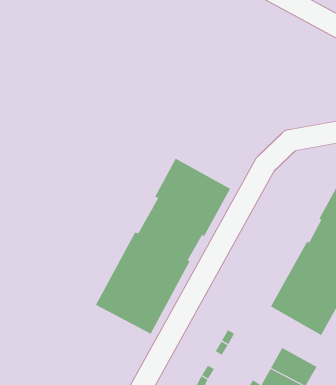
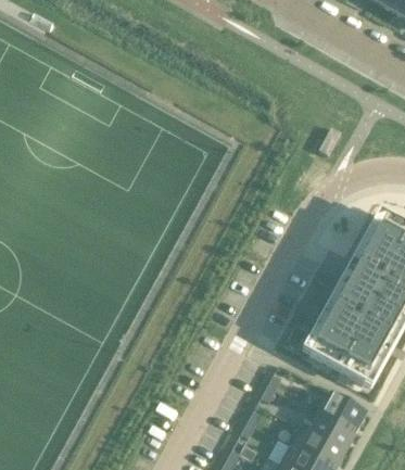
building: [95,158,231,334] -> none

